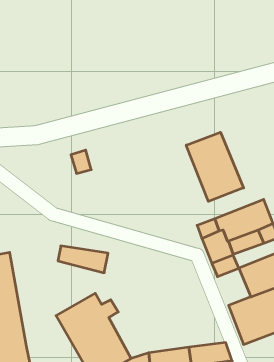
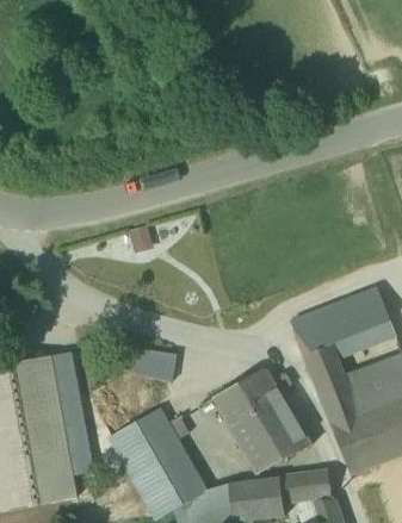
building: [186,132,244,201] -> none
building: none -> [49,351,94,475]
building: none -> [212,368,311,473]
building: none -> [316,375,359,423]

